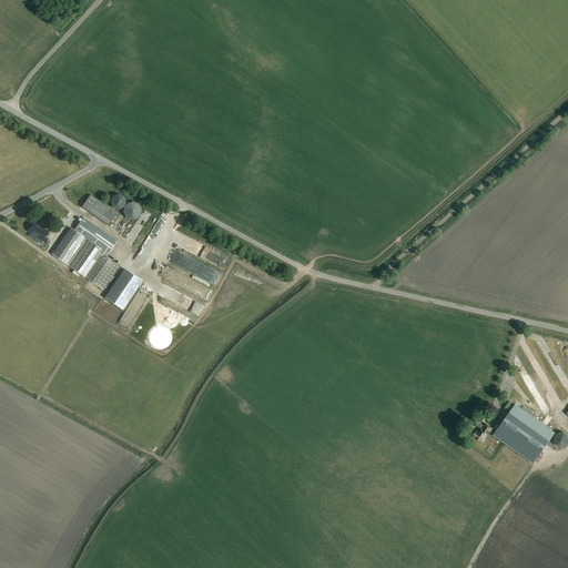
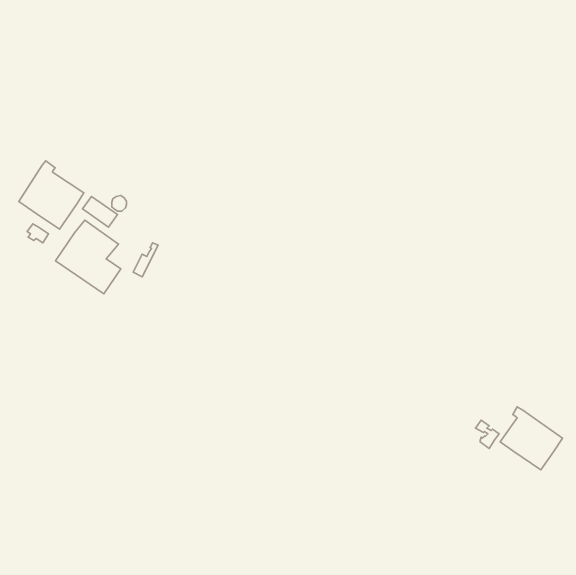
building: none -> [19,161,84,229]
building: [106,277,135,307] -> none

